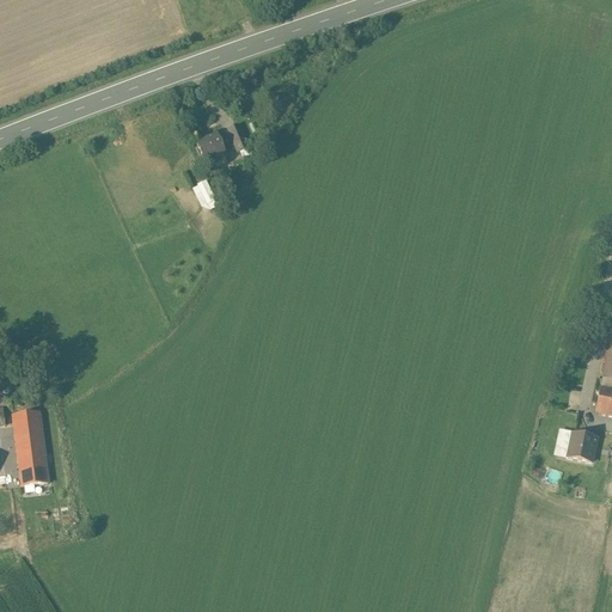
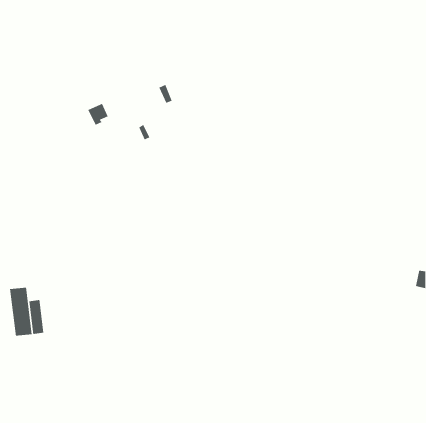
building: [195,130,225,163] -> [88,103,108,126]
building: [567,430,596,460] -> none

